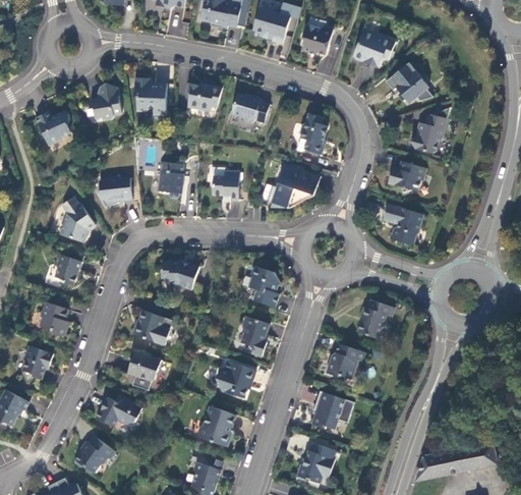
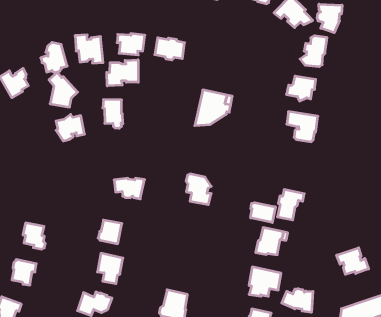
building: none -> [317,4,342,33]
building: [300,113,328,155] -> none
building: none -> [107,60,138,86]
building: [213,170,240,200] -> none
building: [60,197,96,241] -> [49,72,78,107]
building: [55,254,81,285] -> none
building: none -> [251,203,275,223]
building: [241,316,270,355] -> none
building: [216,361,255,398] -> none
building: none -> [337,248,369,274]
building: none -> [282,289,313,312]

